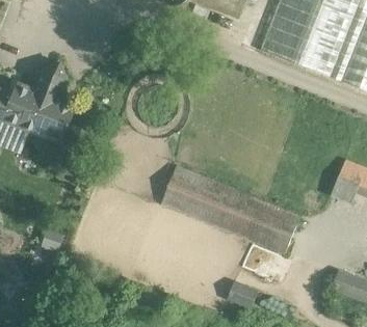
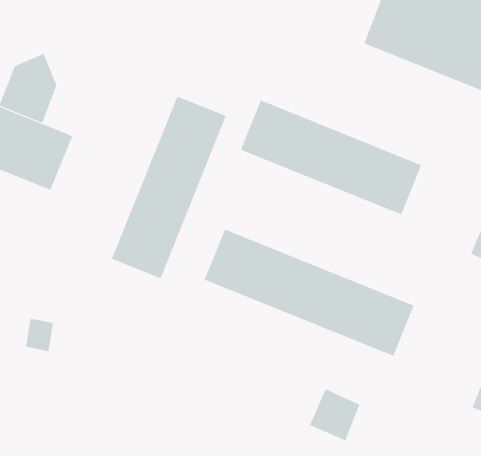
building: none -> [111,96,227,279]
building: none -> [240,100,422,215]

